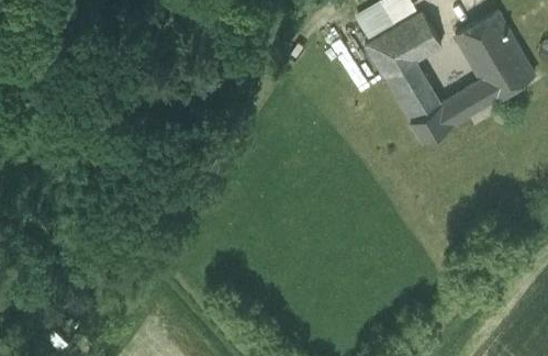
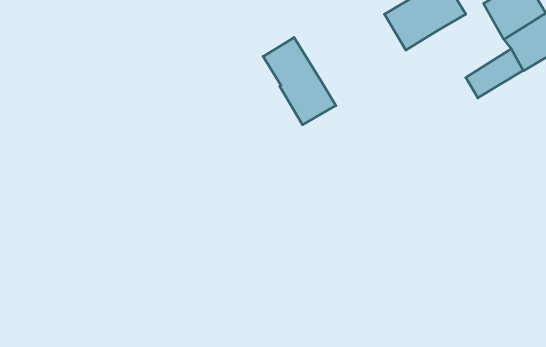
building: [387,62,454,142] -> [263,37,336,125]

